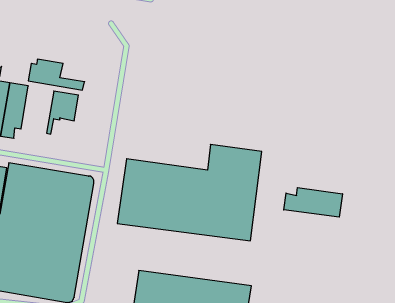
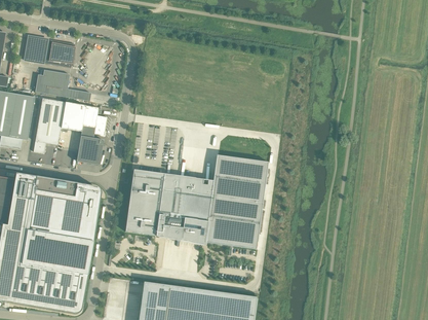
building: none -> [24,35,74,67]
building: none -> [32,97,60,152]
building: none -> [75,105,106,164]
building: [284,188,342,217] -> none

